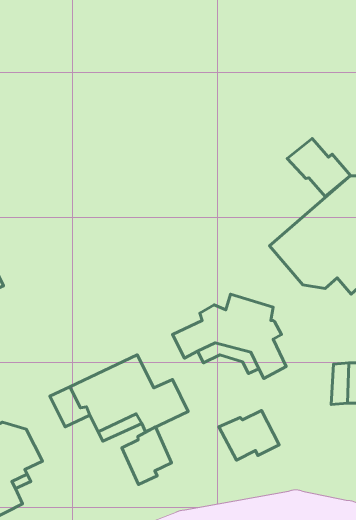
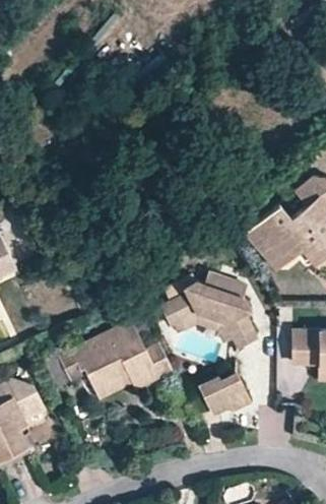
building: [287,138,350,197] -> none
building: [122,427,171,485] -> none

